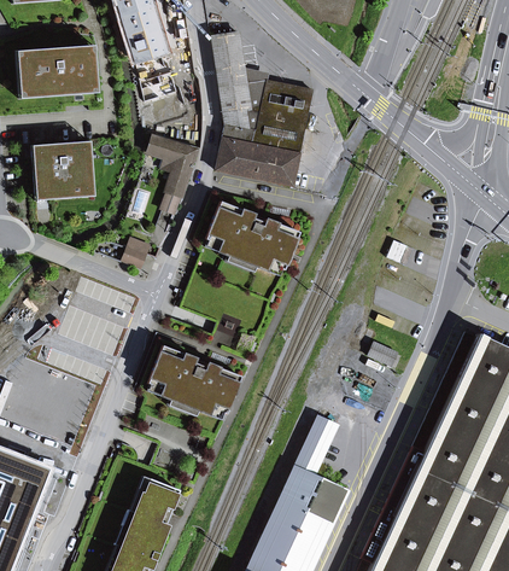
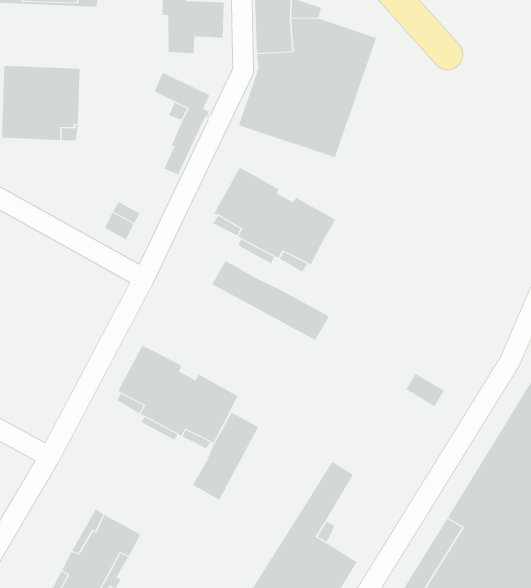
building: none -> [211,260,329,341]
building: none -> [192,412,259,500]

